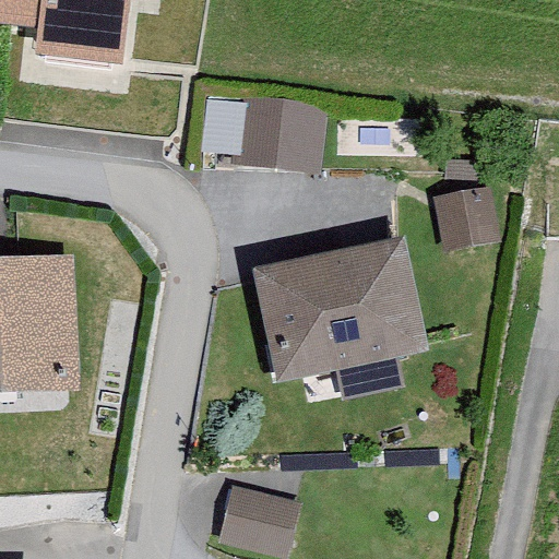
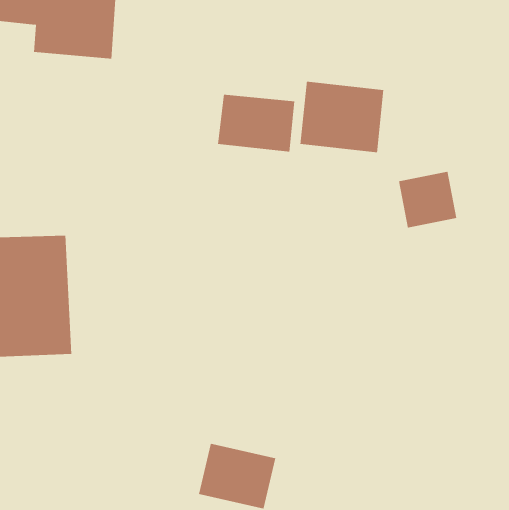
building: none -> [300,81,384,153]
building: [253,237,426,381] -> none

